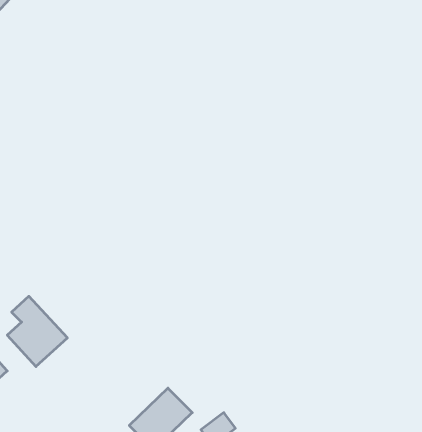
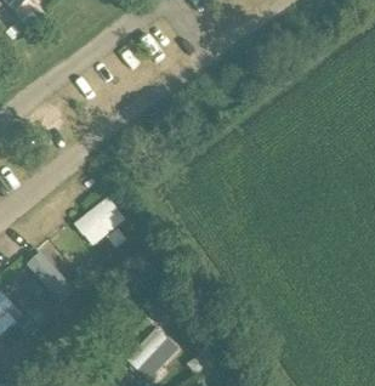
building: none -> [73,195,126,246]

